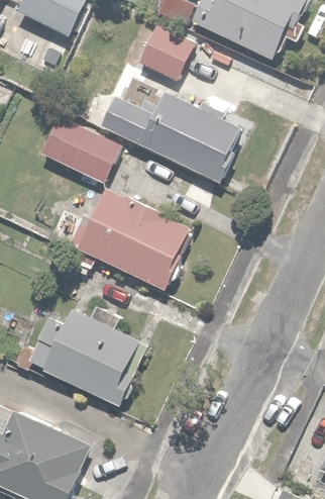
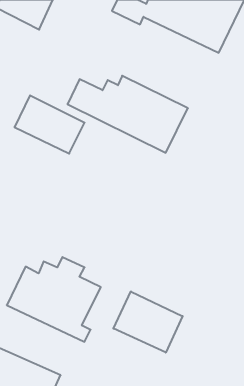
building: [137,23,196,80] -> none
building: [69,187,195,291] -> none
building: none -> [113,291,183,353]

